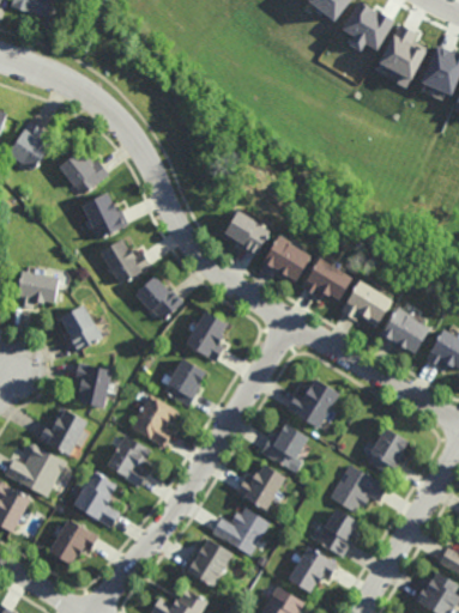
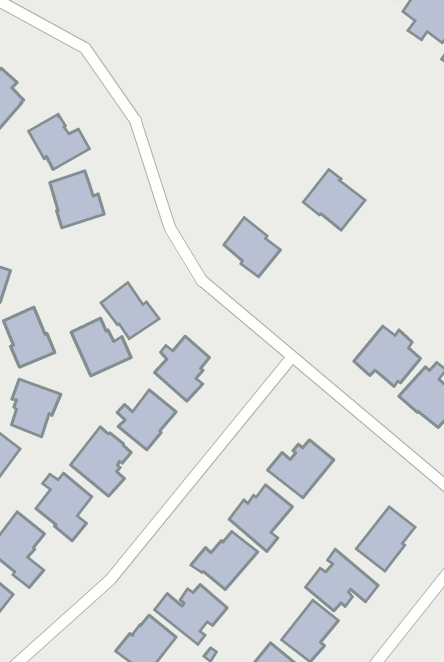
building: [265,237,314,284] -> [303,169,365,230]
building: [101,238,151,285] -> [71,318,131,376]
building: [303,259,356,303] -> none

